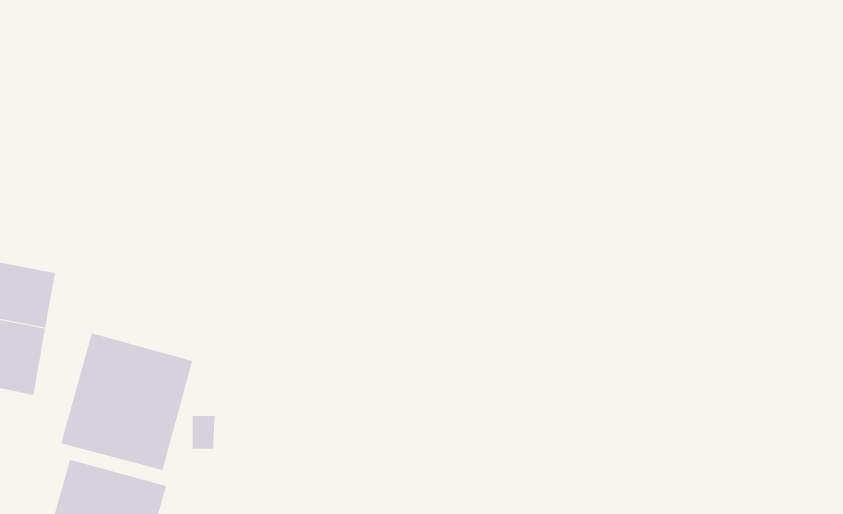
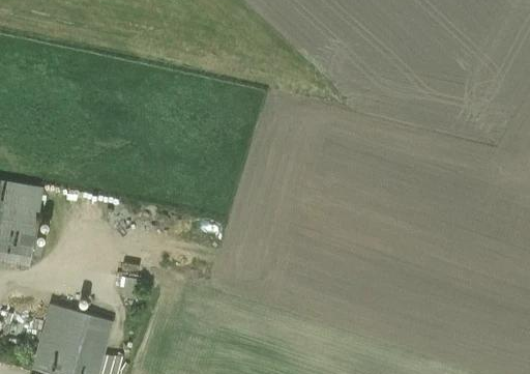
building: [61,332,193,471] -> none

